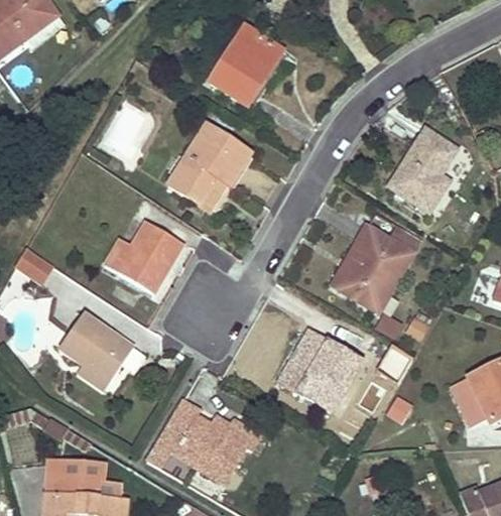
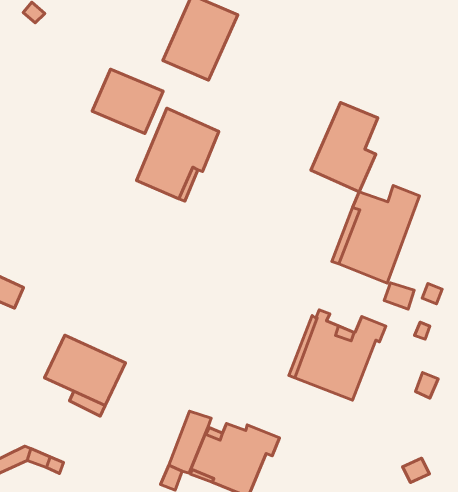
building: none -> [92,69,163,133]
building: [388,129,456,212] -> [311,102,378,192]
building: [104,221,182,293] -> none

